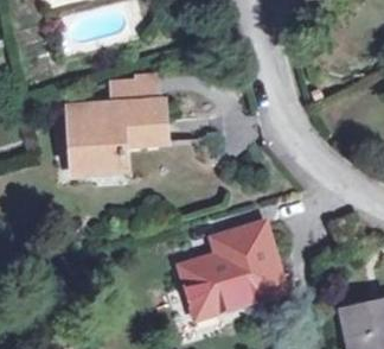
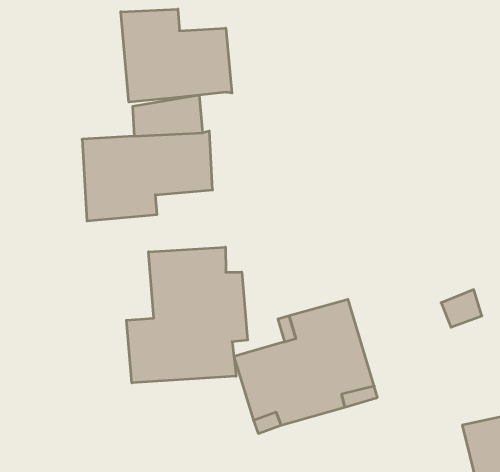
building: none -> [121,9,232,102]
building: none -> [126,247,248,383]

